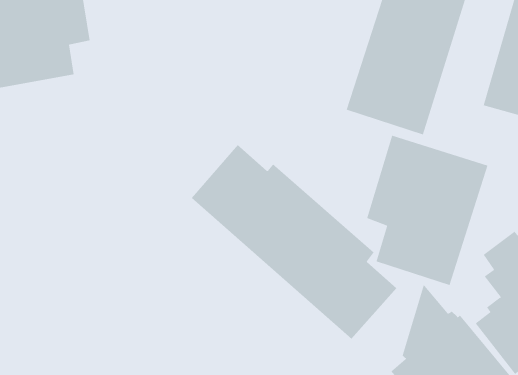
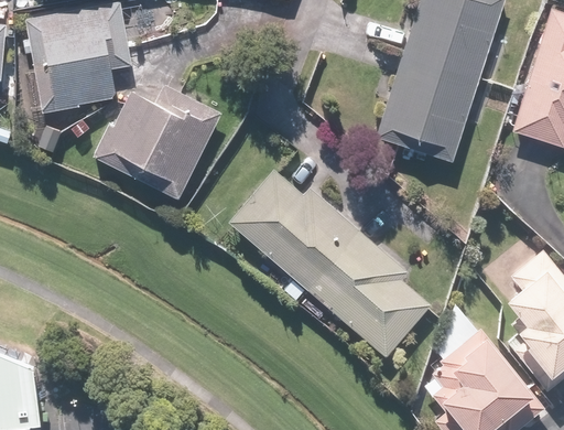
building: none -> [94,89,219,200]
building: [366,135,488,286] -> none

